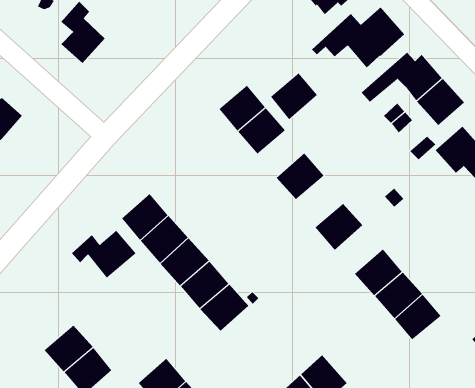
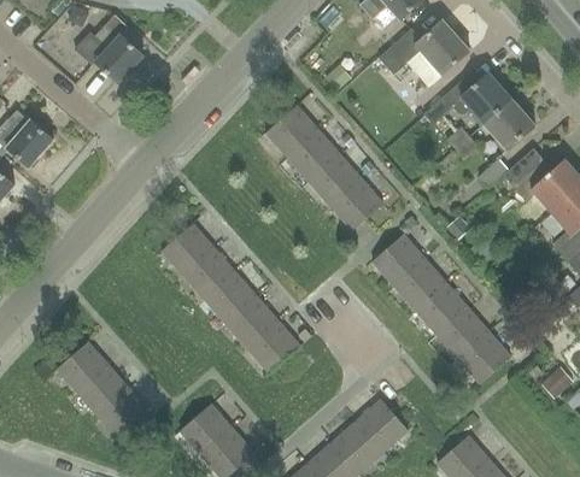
building: [270,73,318,120] -> [310,155,362,207]
building: none -> [394,259,447,312]
building: [71,230,136,279] -> [39,342,110,395]

